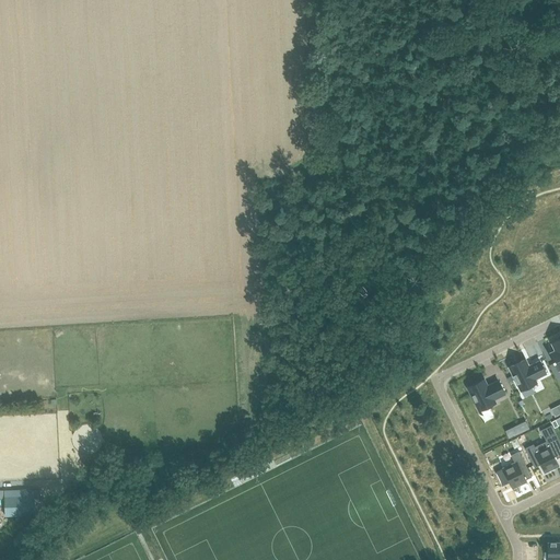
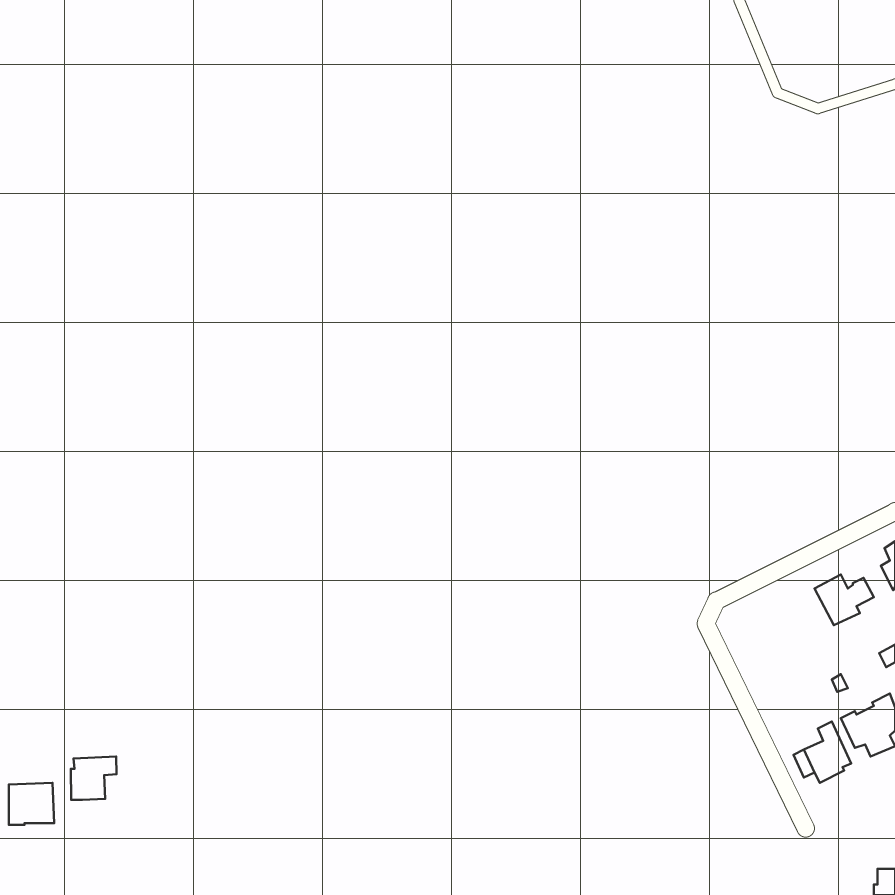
building: [471,377,509,409] -> none
building: none -> [71,757,116,800]

